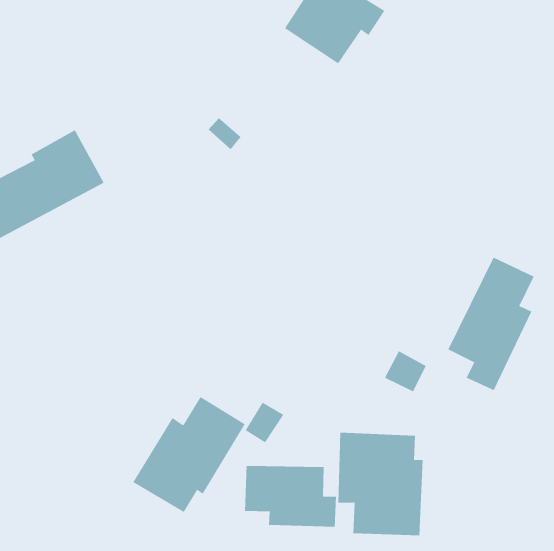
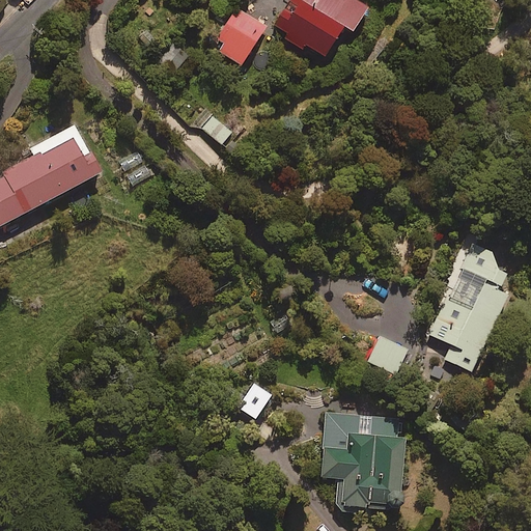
building: none -> [215,5,266,66]
building: [132,396,245,513] -> none
building: [245,465,337,528] -> none

